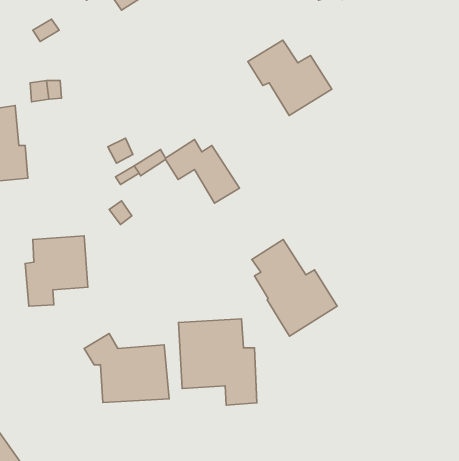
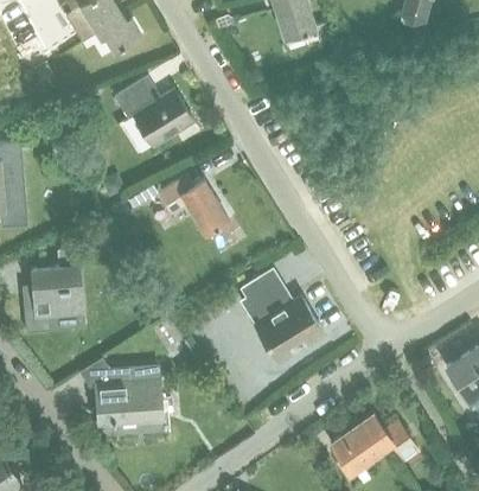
building: [248,40,332,116] -> [113,76,192,147]
building: [178,319,257,405] -> none
building: none -> [331,415,415,472]

